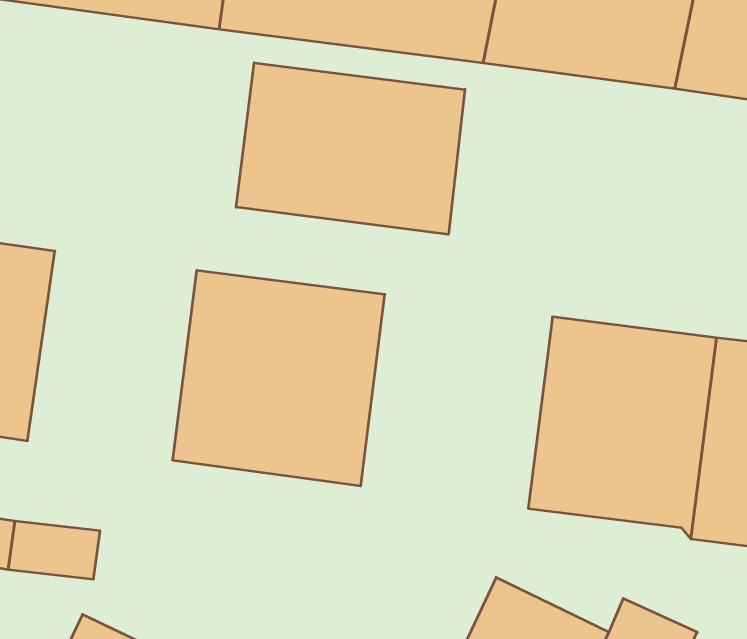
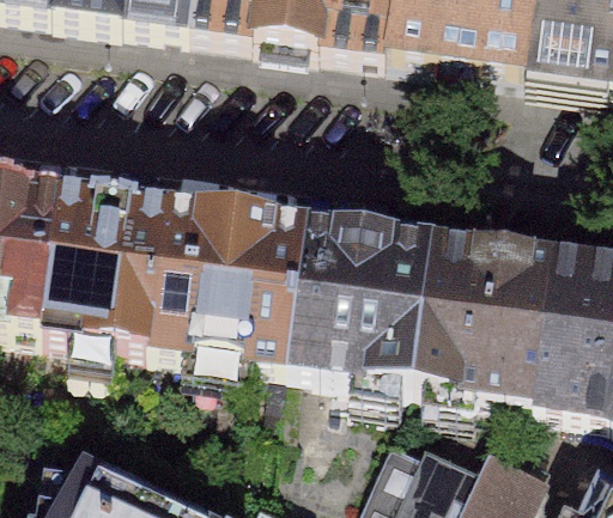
building: [236,63,465,234] -> none
building: none -> [50,199,176,354]
building: none -> [298,231,441,390]

